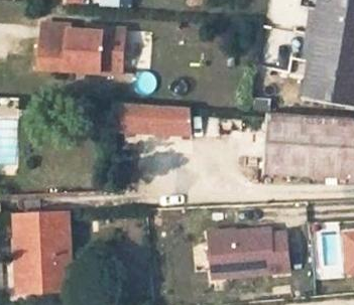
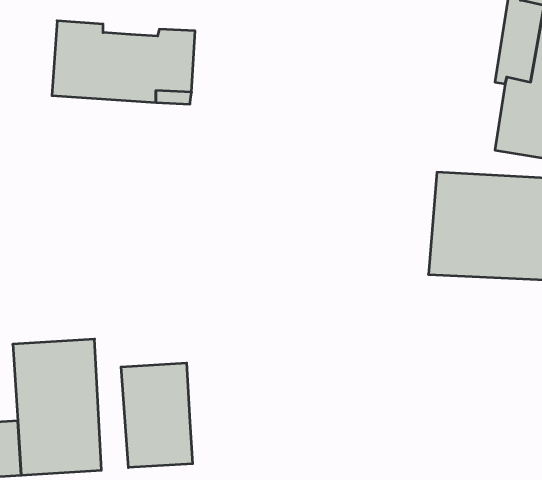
building: [113,101,190,135] -> none
building: none -> [121,363,193,468]
building: [208,227,289,276] -> none

